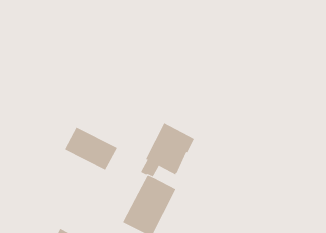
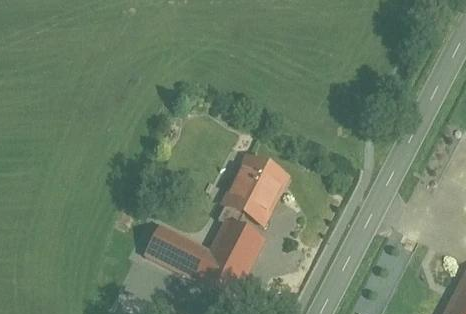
building: [64,127,118,171] -> [147,225,213,279]

